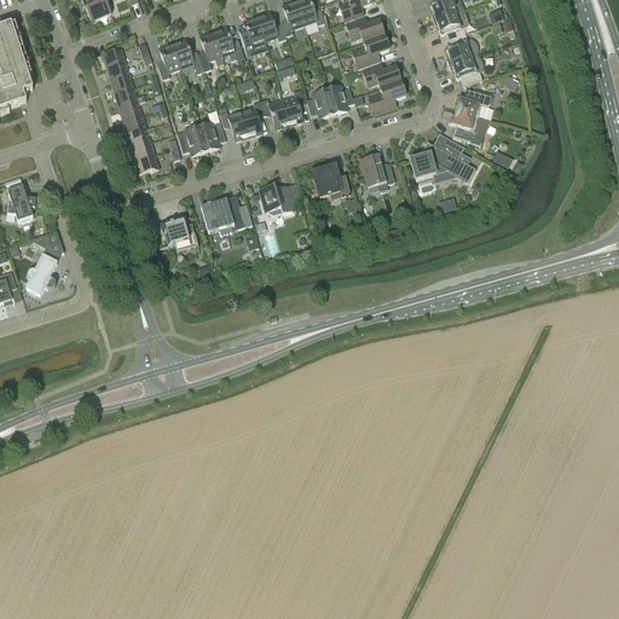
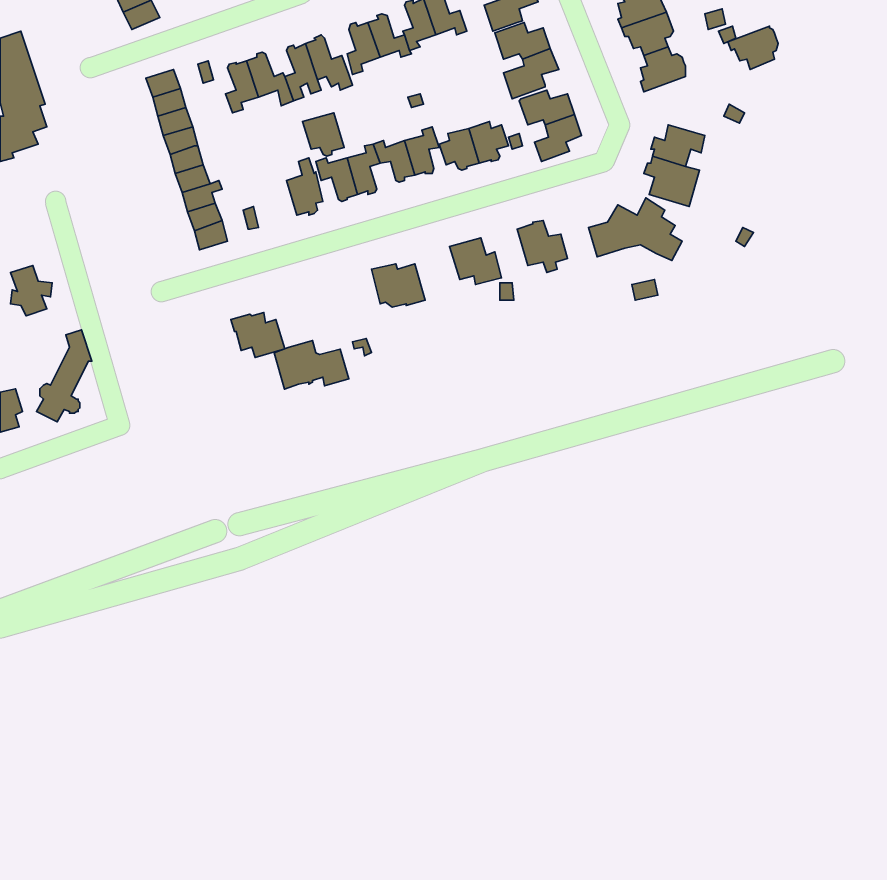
building: [449,53,484,83] -> [728,26,778,70]
building: [178,126,207,156] -> [302,113,344,156]
building: [201,197,253,231] -> [274,341,349,389]

